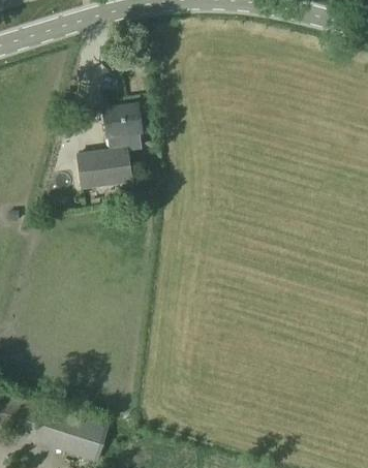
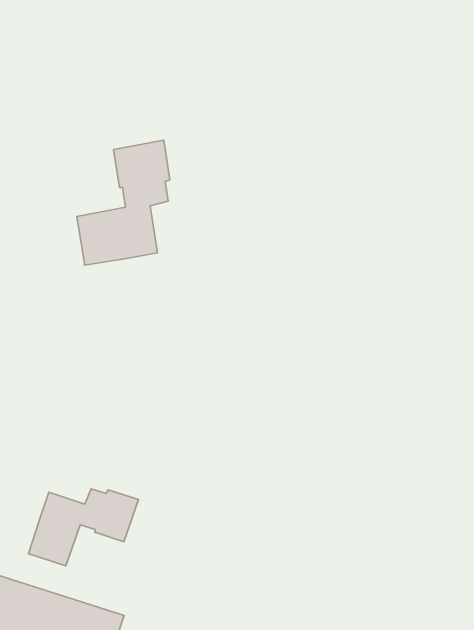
building: none -> [28,489,138,566]

